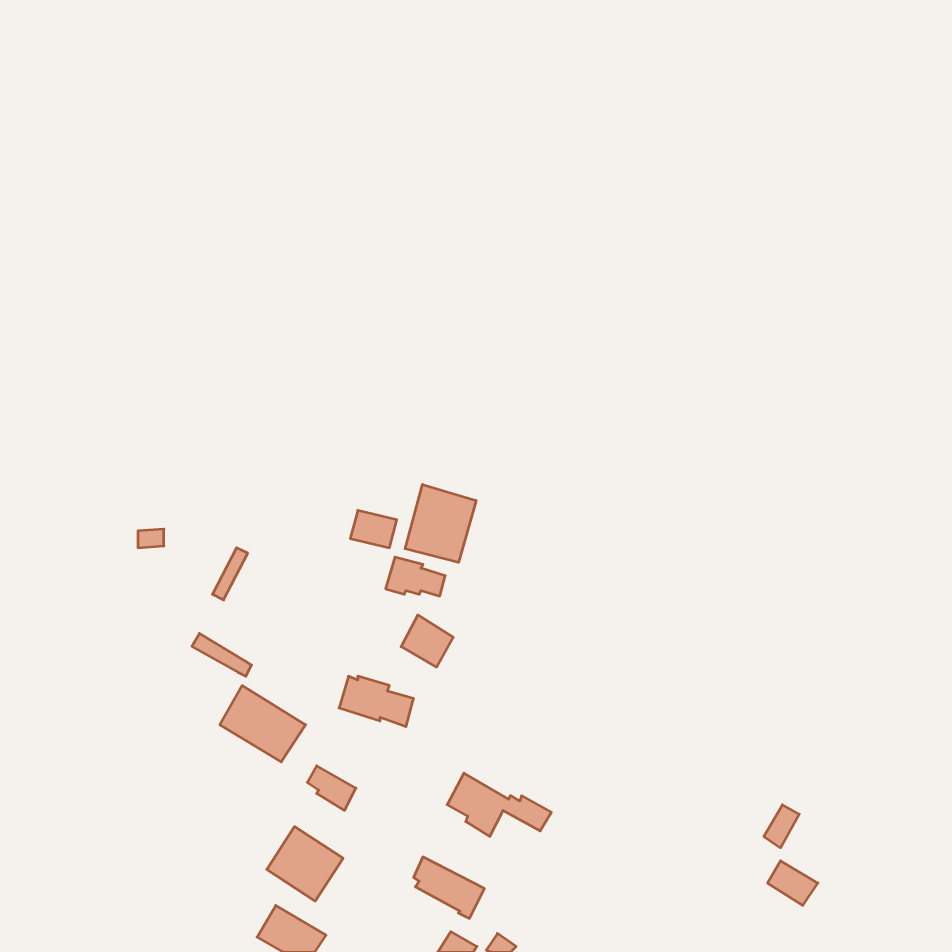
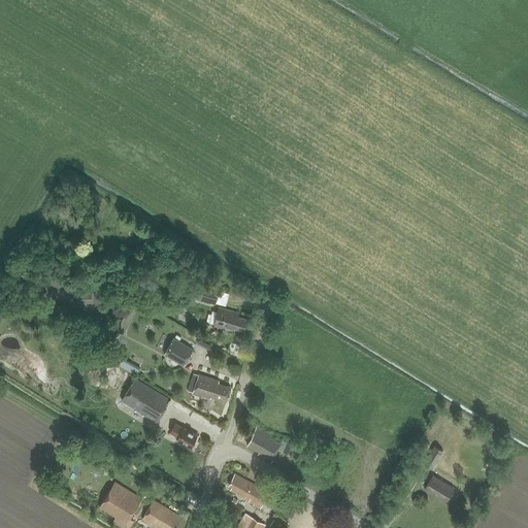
building: [405,484,476,562] -> none
building: [401,615,453,667] -> [164,337,193,366]
building: [267,827,343,901] -> [99,482,141,523]

